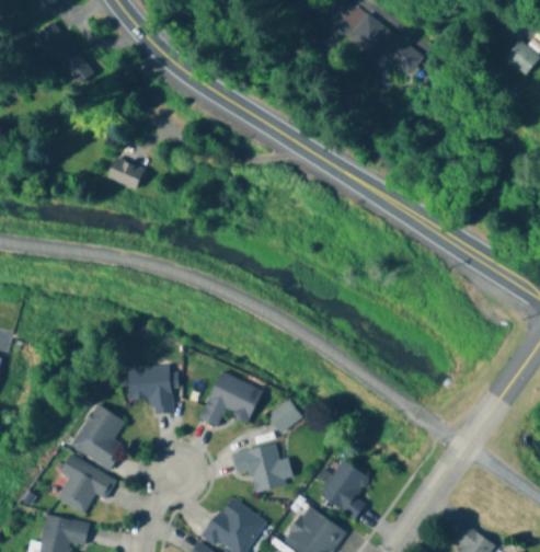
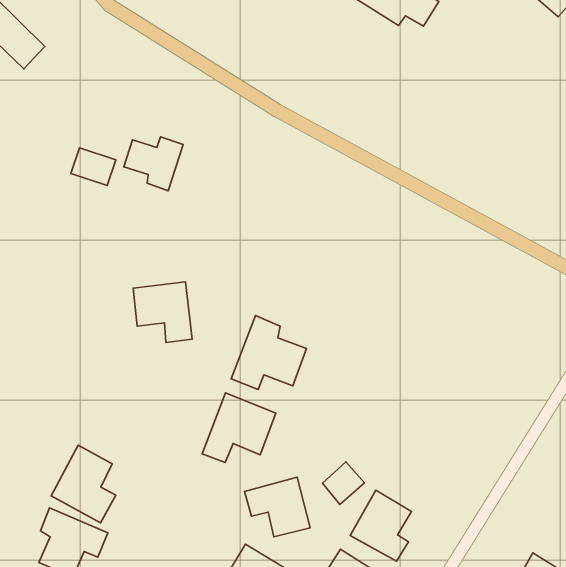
building: none -> [124,137,183,191]
building: none -> [231,316,307,390]
building: [127,366,173,415] -> [133,282,192,342]
building: [267,399,302,434] -> [322,462,364,504]

